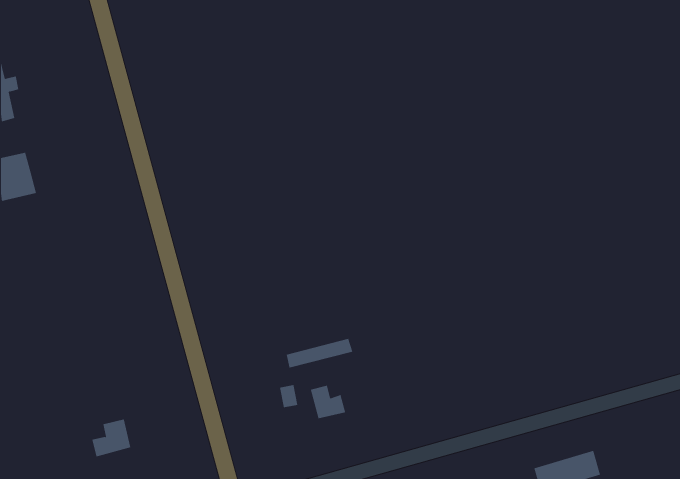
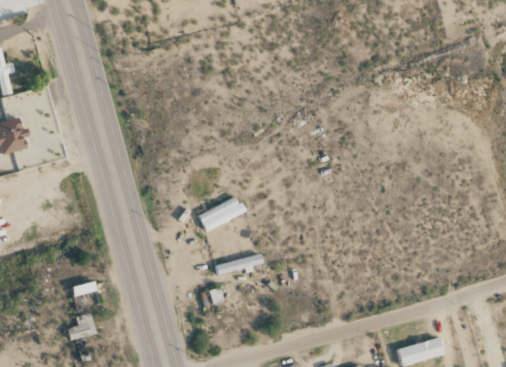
building: none -> [194,198,241,231]
building: none -> [77,283,100,307]
building: [310,385,346,419] -> none

